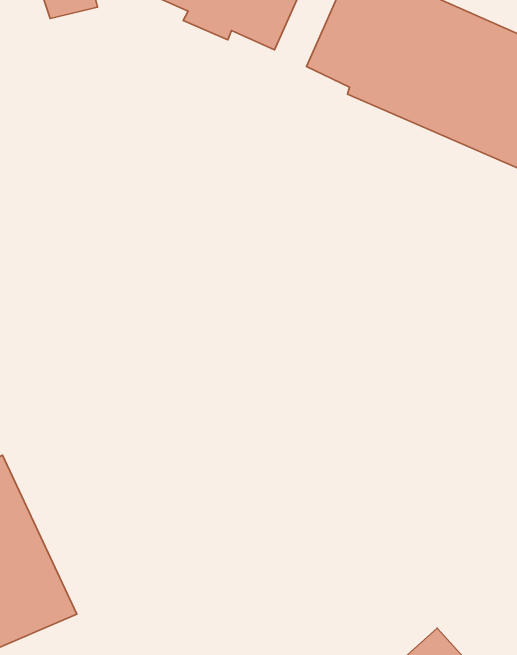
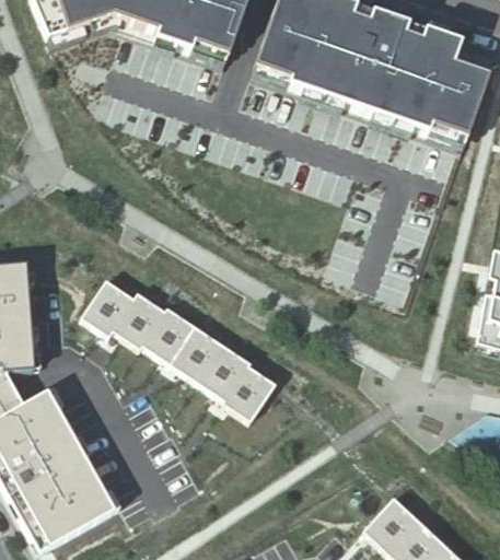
building: none -> [82,278,277,420]

